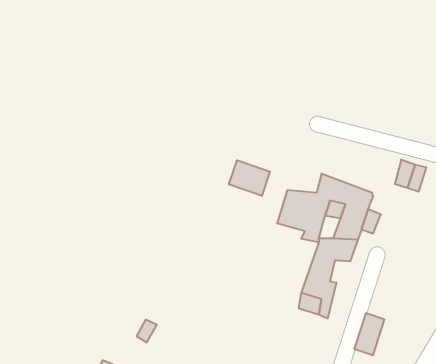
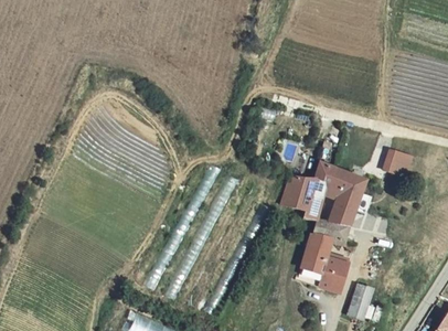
building: [229,160,270,196] -> none
building: none -> [326,250,354,287]

